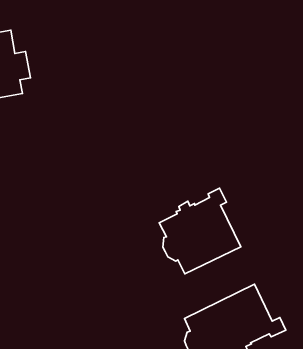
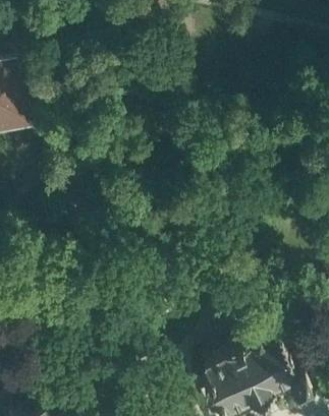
building: [159,188,241,274] -> none

